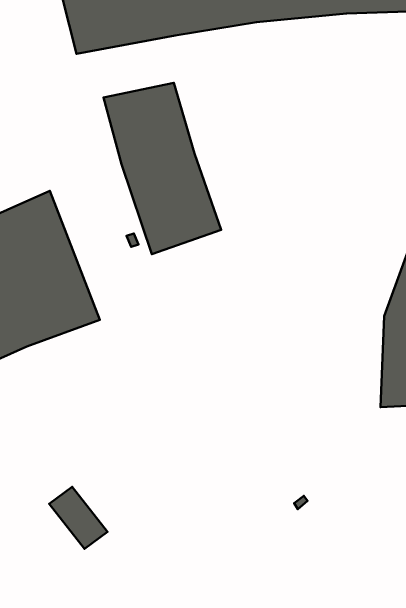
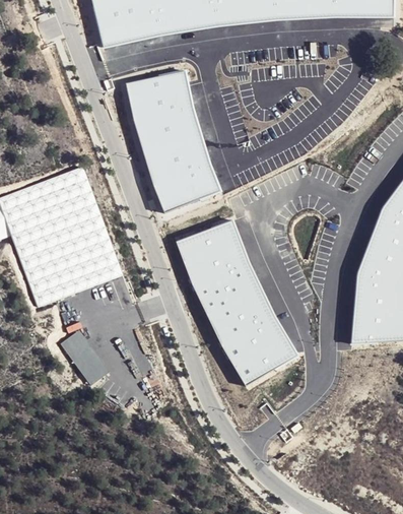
building: none -> [177,215,300,381]
building: [49,487,107,549] -> [57,331,106,383]

